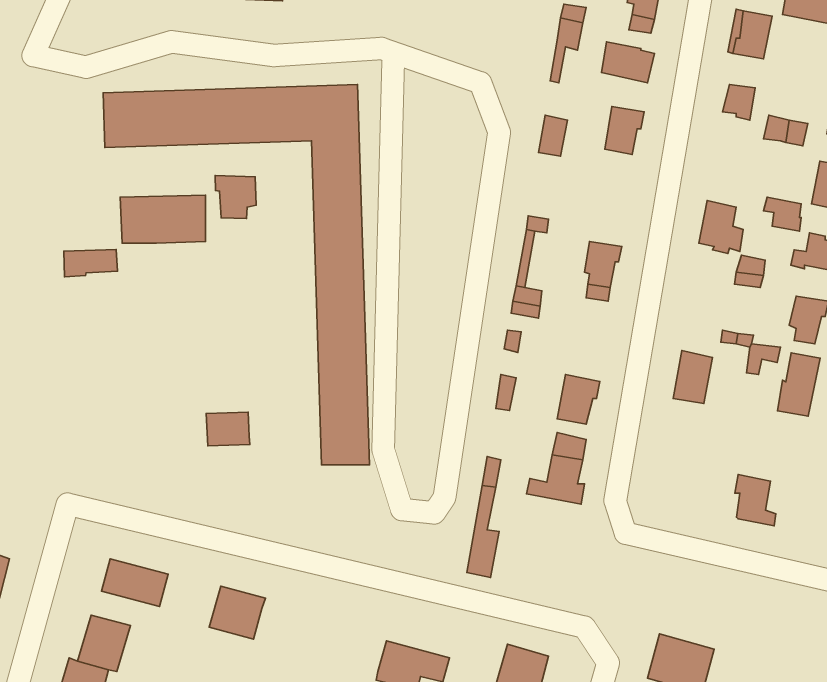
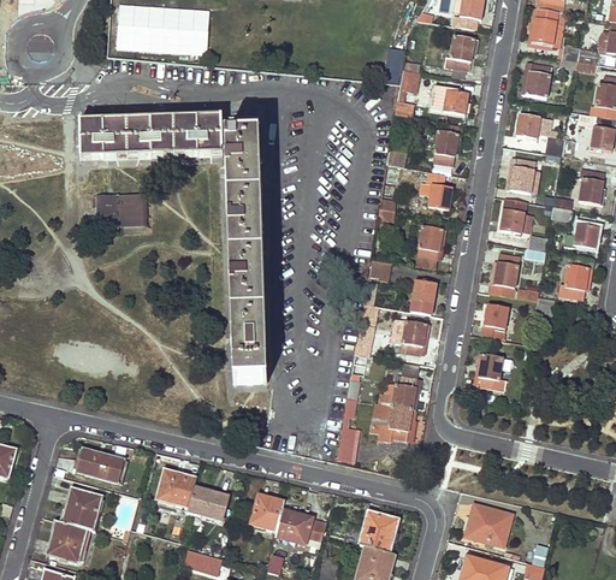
building: none -> [505,158,535,194]
building: none -> [417,171,452,209]
building: [215,176,256,219] -> none
building: [64,249,118,277] -> none
building: none -> [409,277,436,314]
building: [777,353,820,416] -> [490,253,520,297]
building: [206,412,250,446] -> none
building: [735,474,776,526] -> [476,353,505,389]
building: none -> [373,403,416,442]
building: none -> [184,485,225,519]
building: none -> [248,495,282,529]

